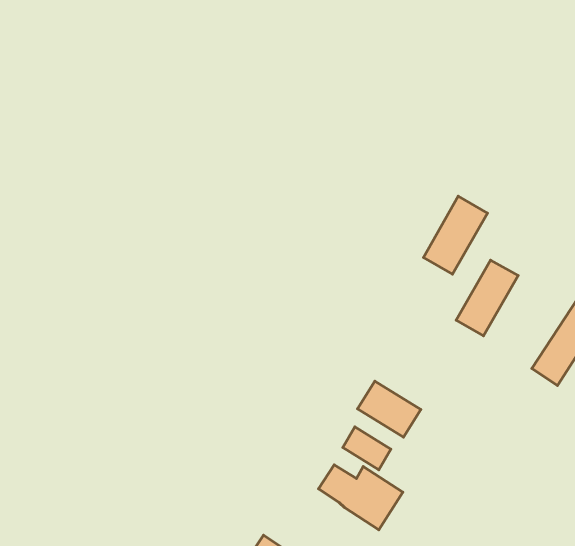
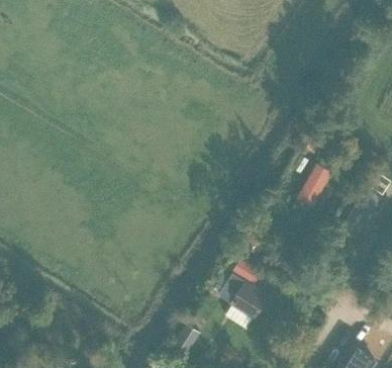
building: [423,196,487,274] -> none
building: [358,381,421,437] -> none

